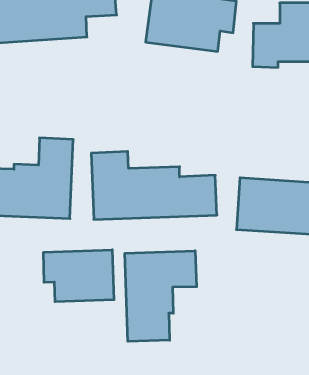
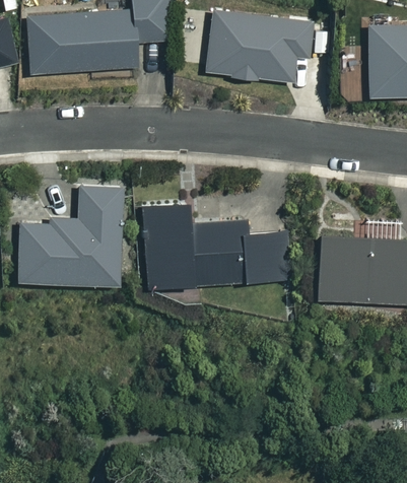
building: [44,250,114,302] -> none
building: [125,251,197,341] -> none

